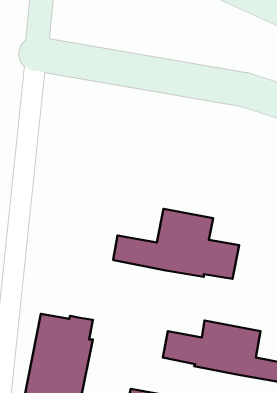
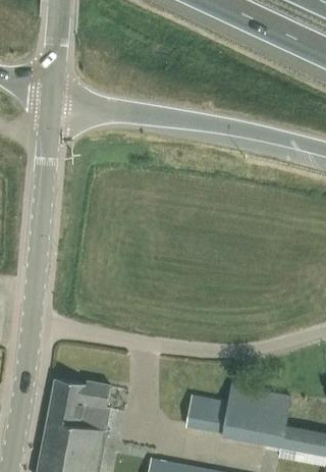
building: [113,209,239,279] -> none

